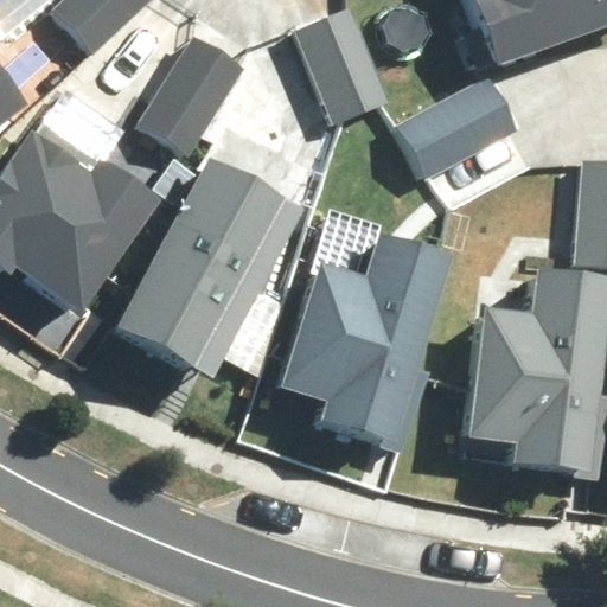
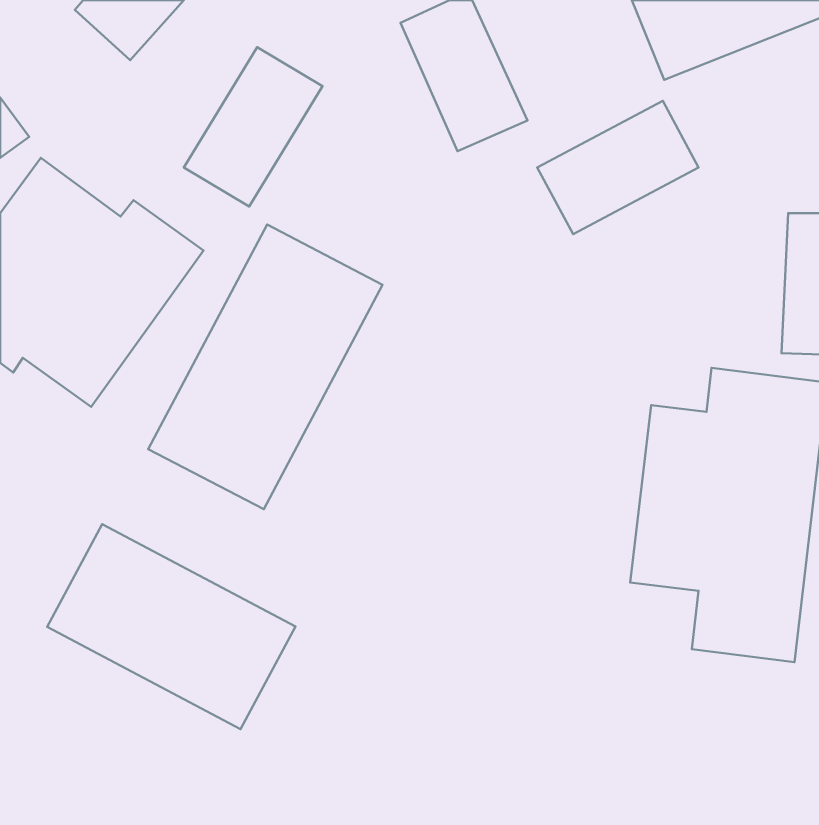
building: [277,242,448,462] -> none
building: none -> [47,524,296,729]

